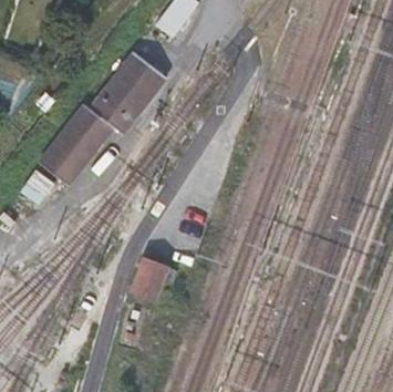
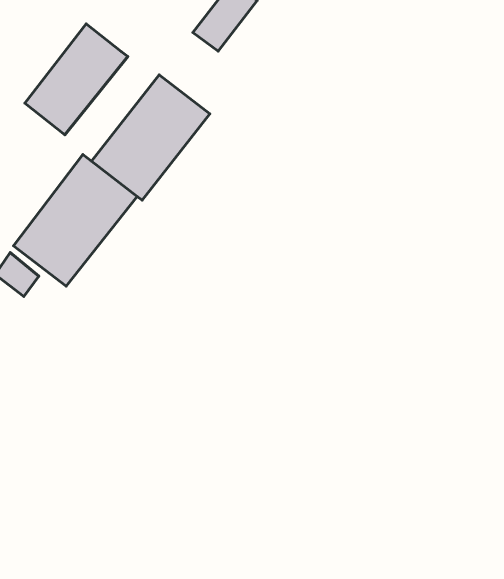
building: none -> [25,24,128,135]
building: [128,256,178,303] -> none

